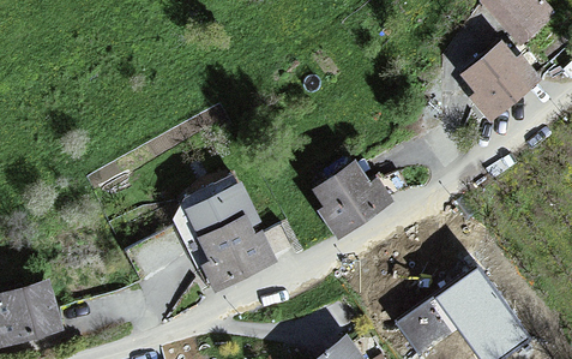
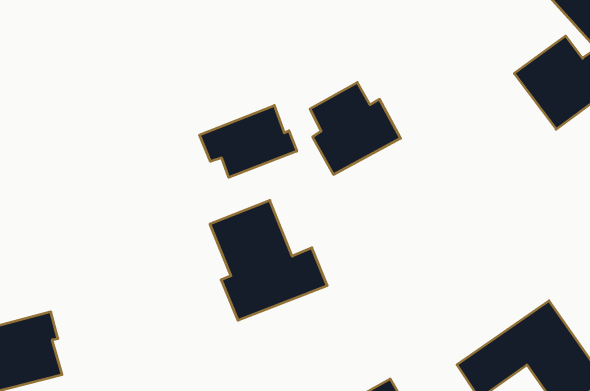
building: none -> [200,105,297,177]
building: [314,161,392,240] -> [310,82,401,174]

